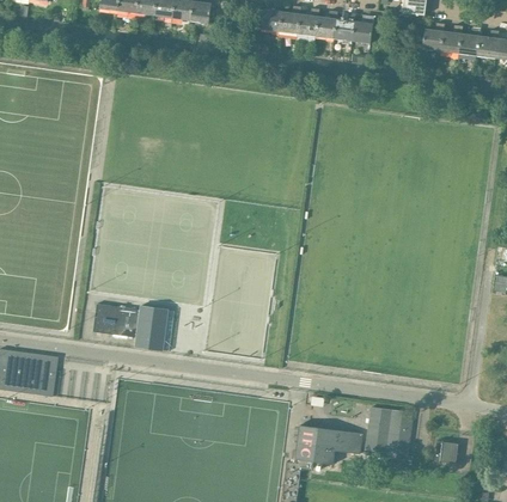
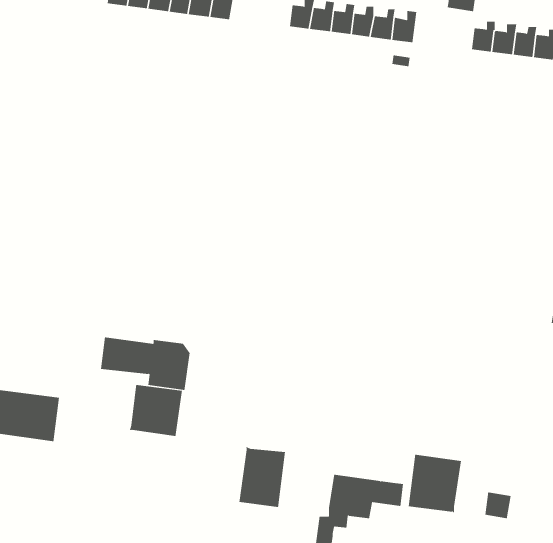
building: none -> [129,384,182,437]
building: none -> [239,446,285,508]

